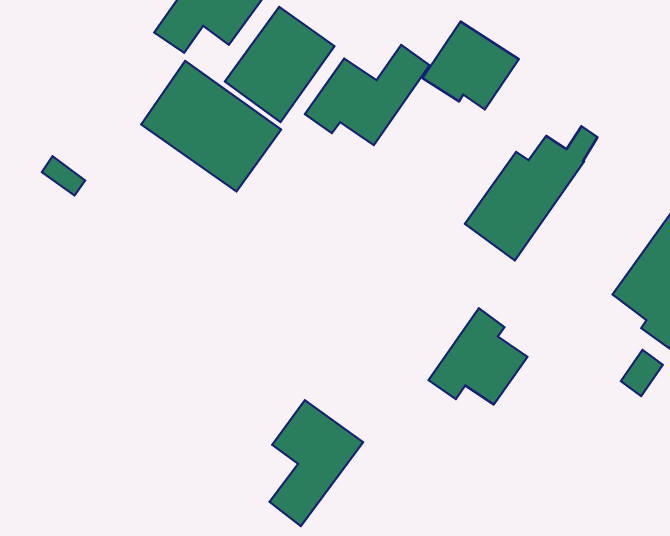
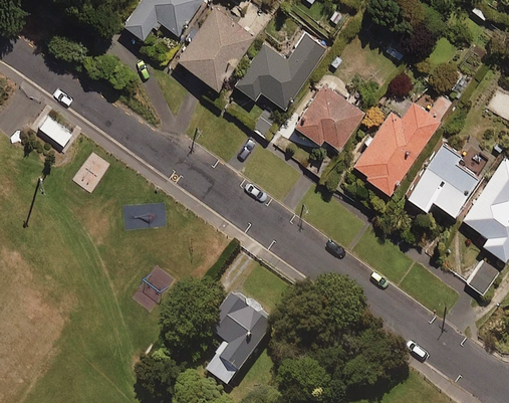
building: [423,21,519,109] -> [293,84,364,150]
building: [141,61,281,191] -> none
building: [429,308,528,404] -> [406,143,479,214]

